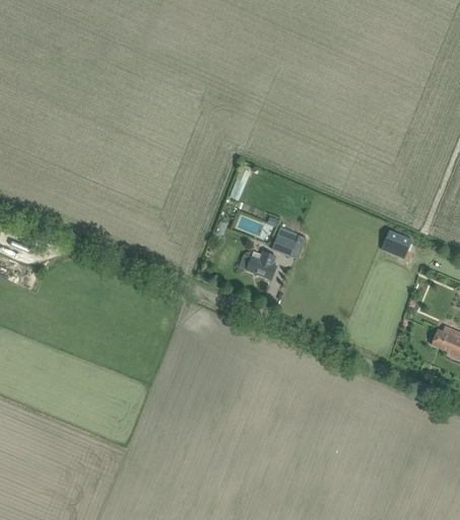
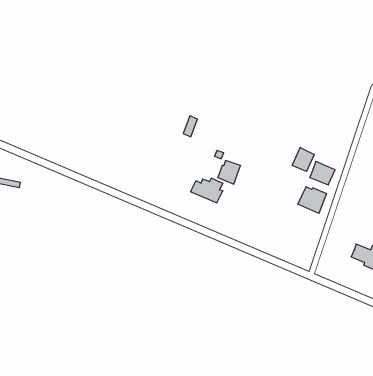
building: none -> [292,147,314,171]
building: none -> [298,187,326,213]

